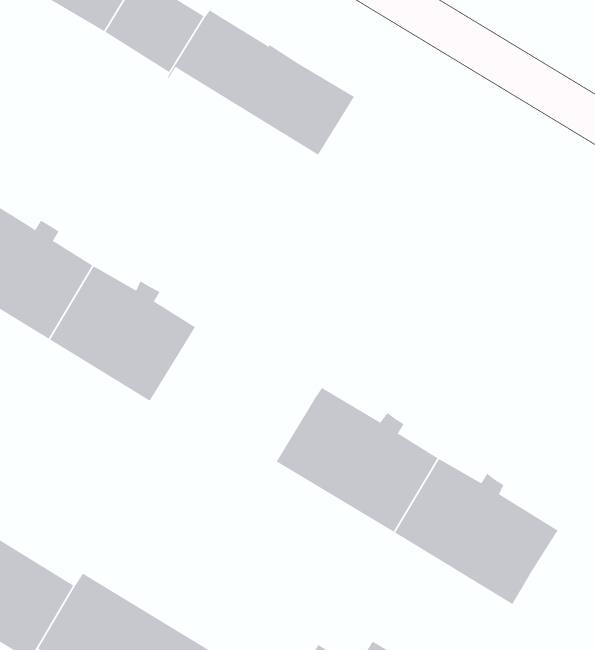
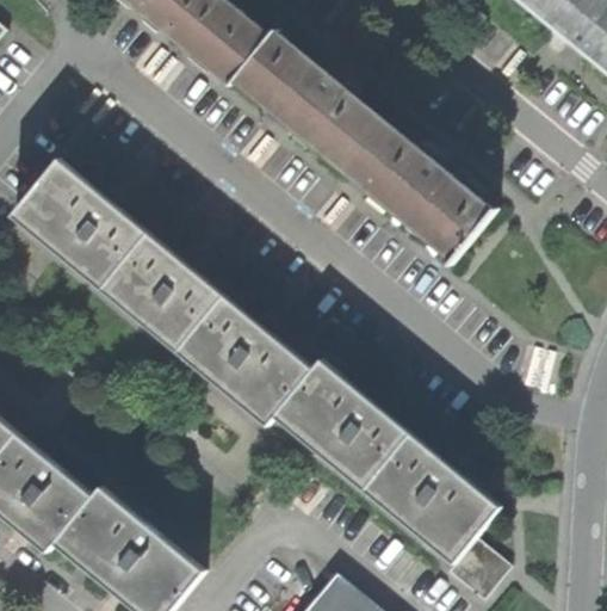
building: none -> [345,123,494,265]
building: none -> [176,295,312,424]
building: none -> [445,537,507,598]

